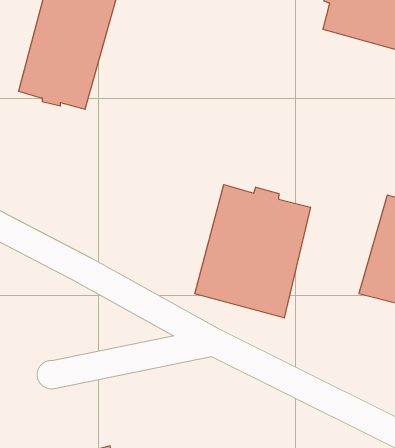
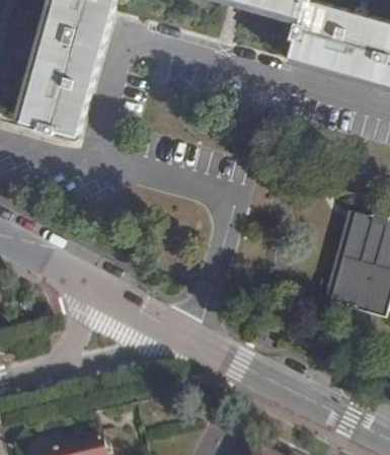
building: [195,185,311,318] -> none

